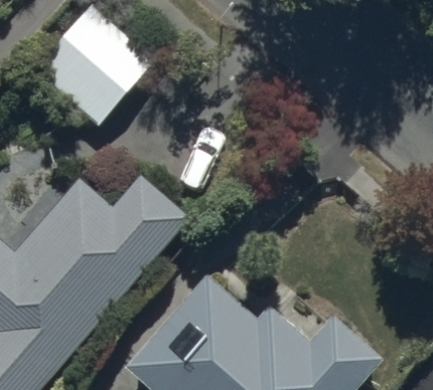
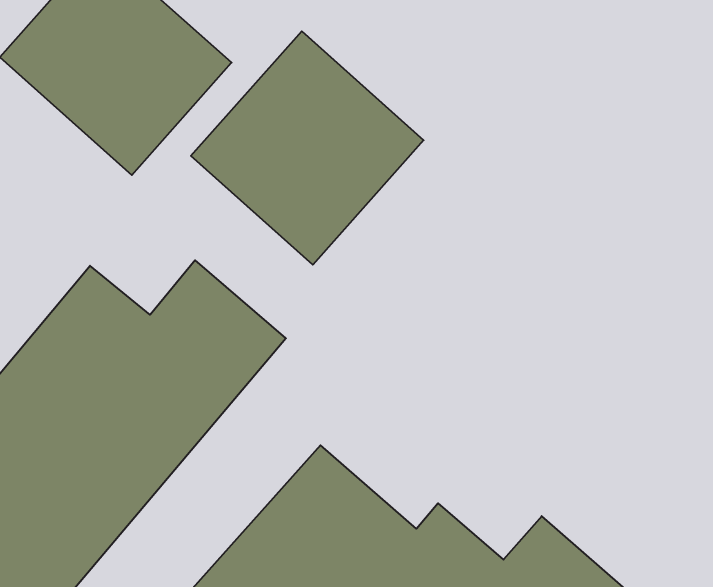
building: none -> [191,31,424,265]

